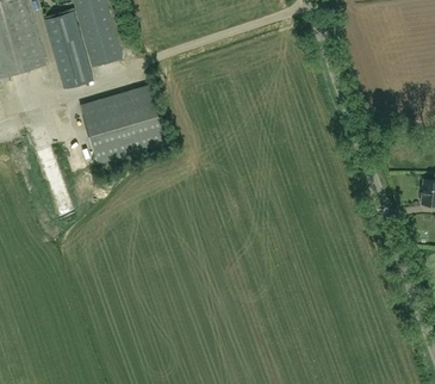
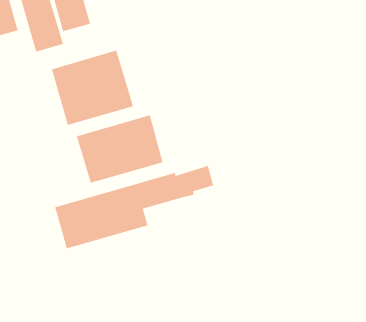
building: none -> [76,114,163,184]
building: none -> [54,165,214,249]

